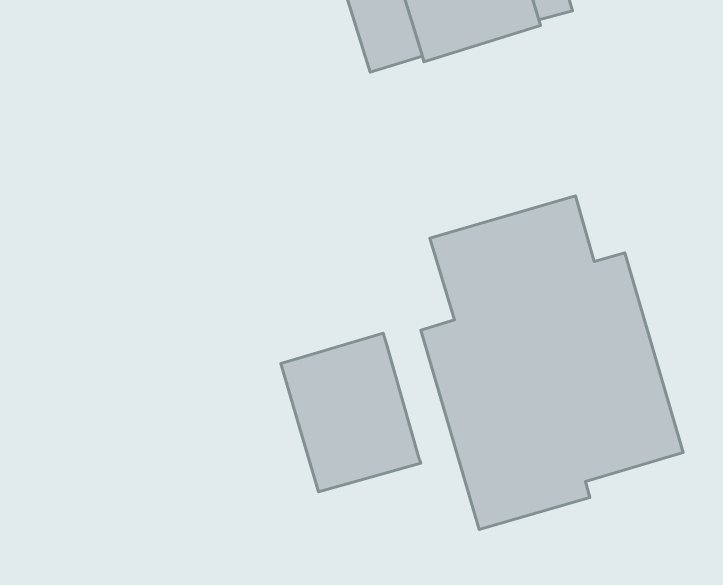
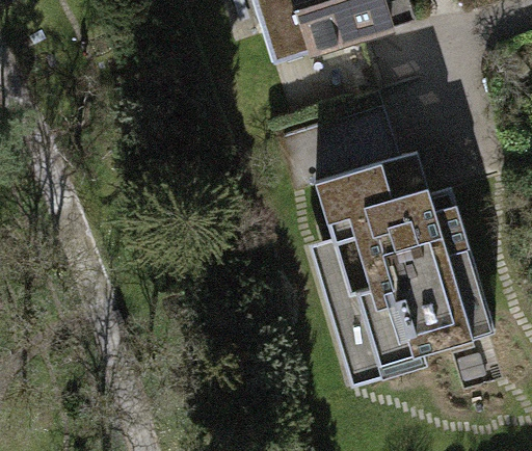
building: [281,333,421,492] -> none

